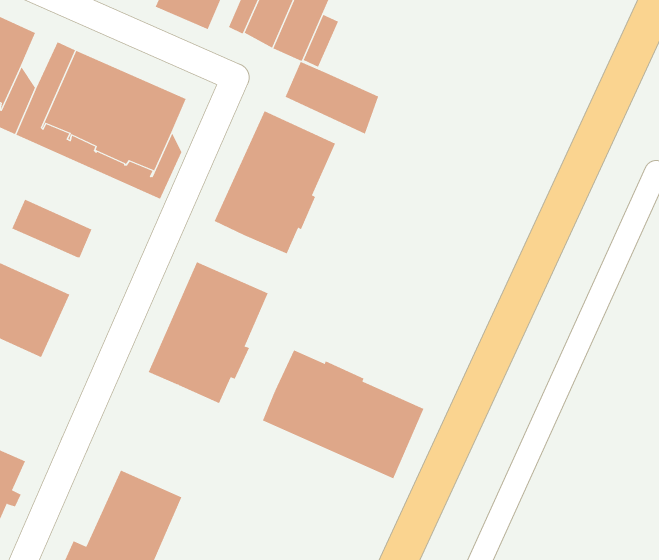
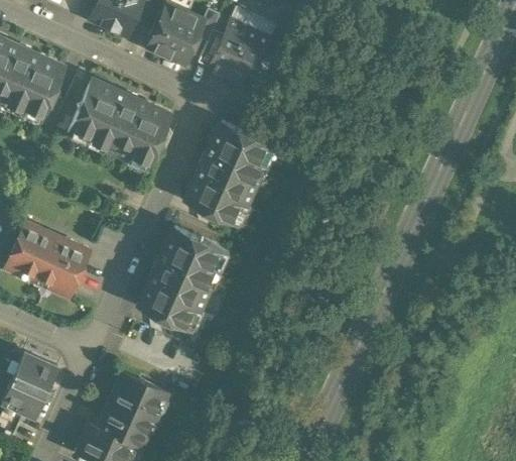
building: [285,61,379,135] -> none
building: [11,199,92,258] -> none
building: [262,350,424,479] -> none

